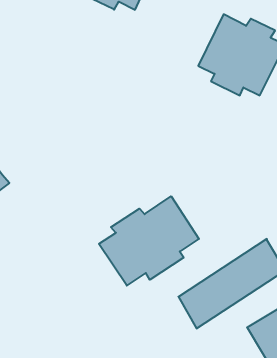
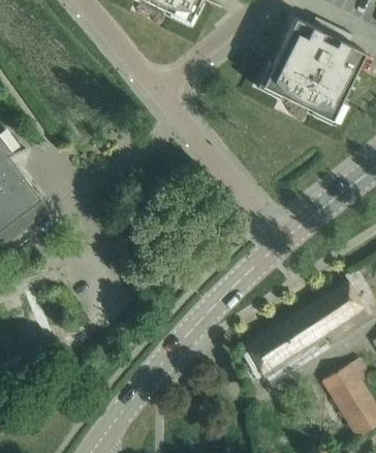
building: [99,196,199,286] -> none

